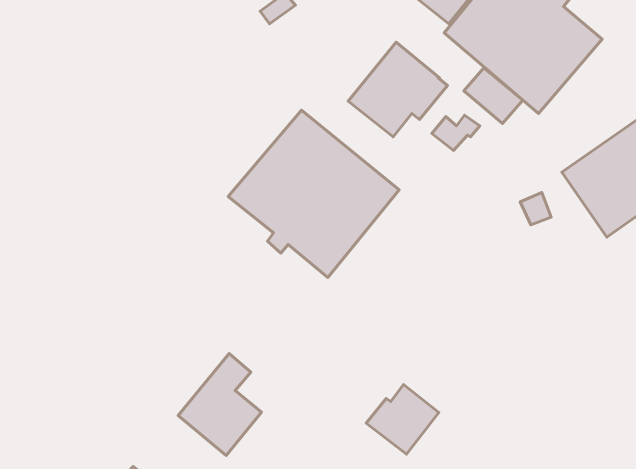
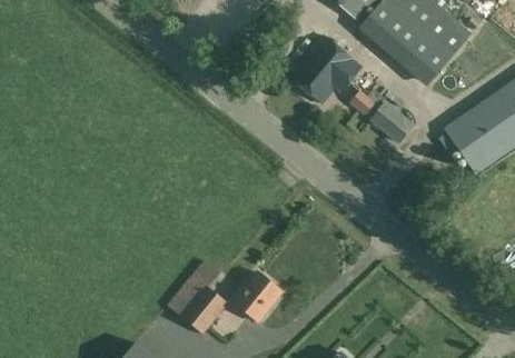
building: [464,68,523,123] -> [372,102,414,142]
building: [228,110,399,277] -> none
building: [366,385,439,454] -> [230,271,283,321]

